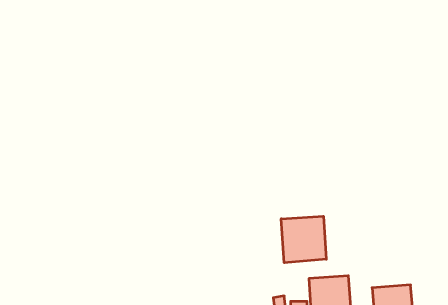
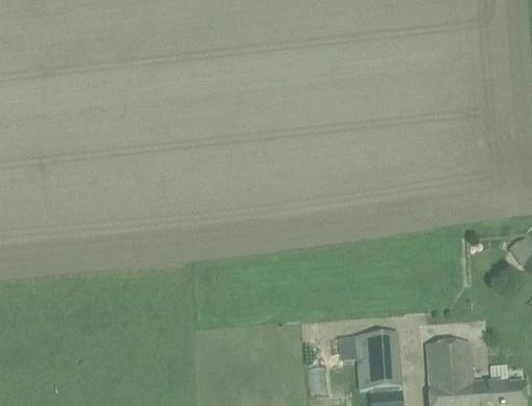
building: [281,216,326,263] -> none

